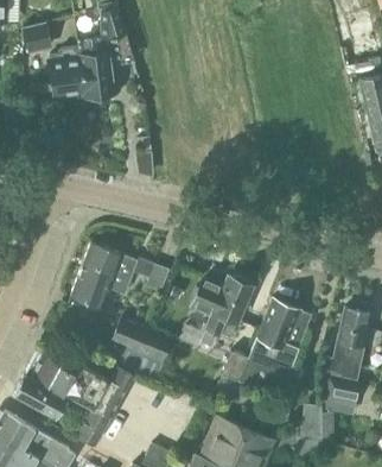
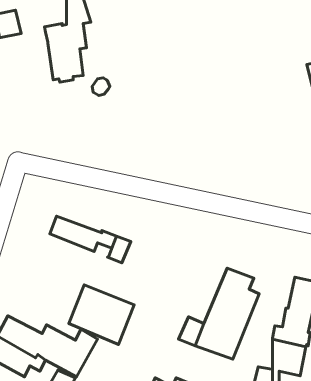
building: [49,45,87,100] -> none
building: [70,261,130,309] -> none
building: [189,273,252,347] -> none

